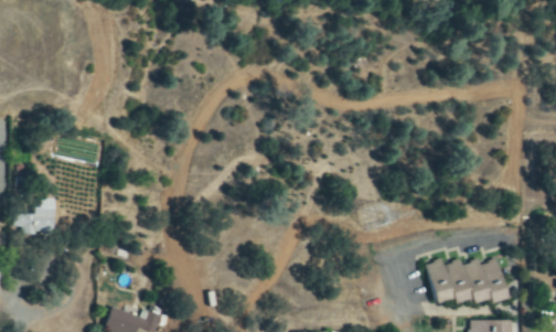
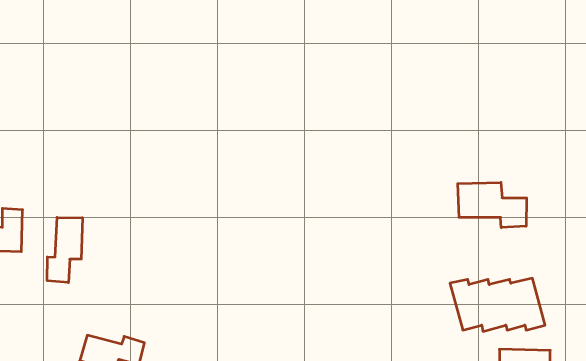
building: none -> [458,182,527,228]
building: none -> [47,217,82,283]

